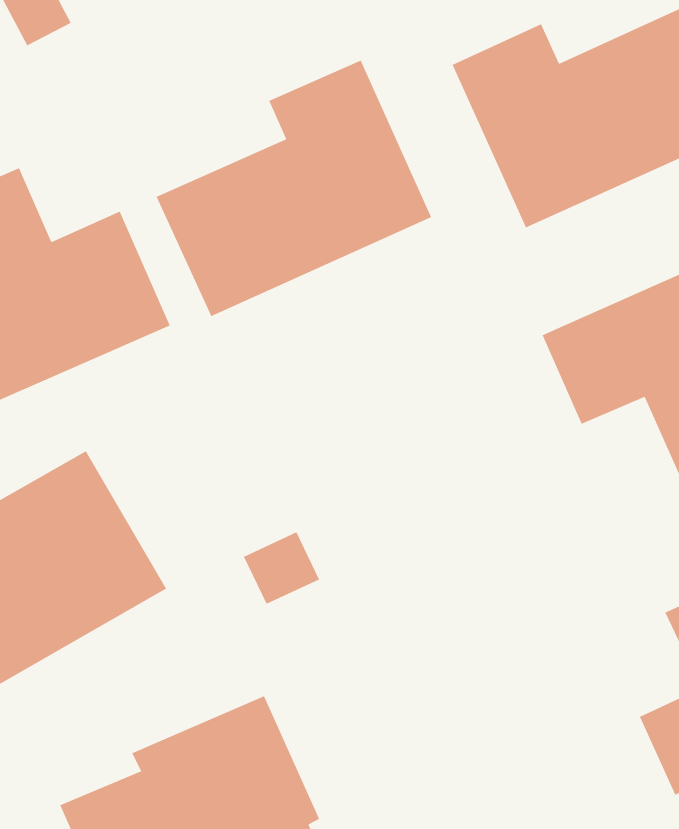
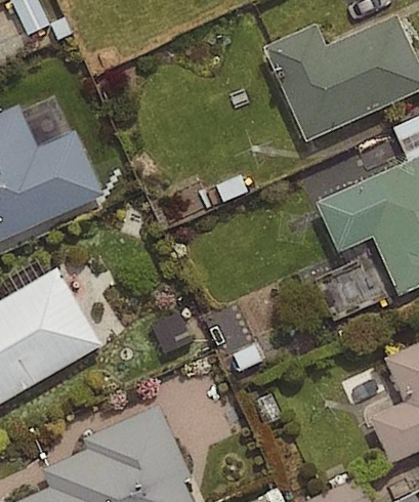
building: [156,60,432,317] -> none

